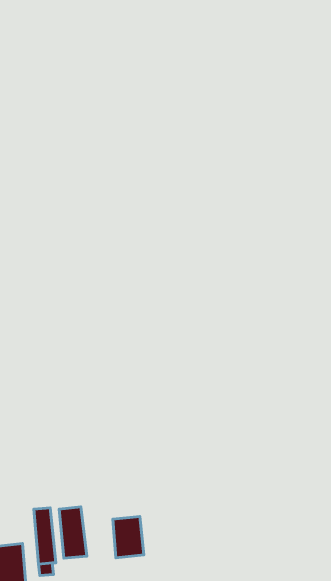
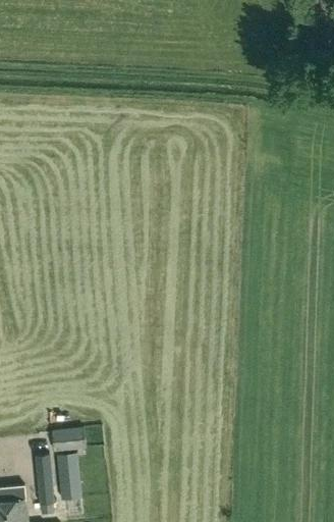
building: none -> [52,428,82,452]
building: [113,517,144,558] -> none

